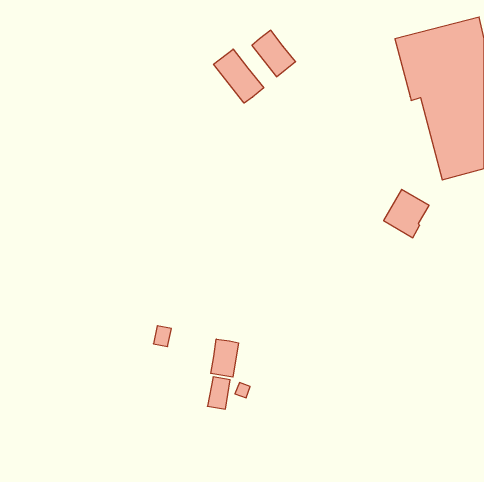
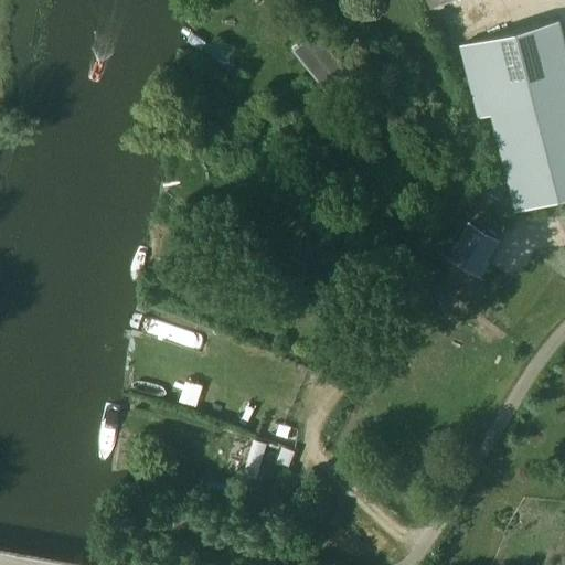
building: [214,49,264,103] -> none
building: [211,339,238,377] -> none

